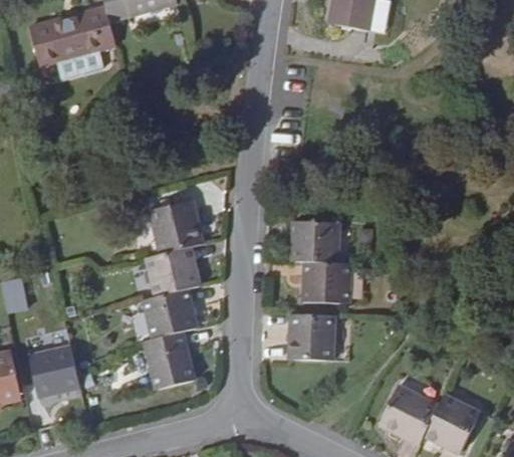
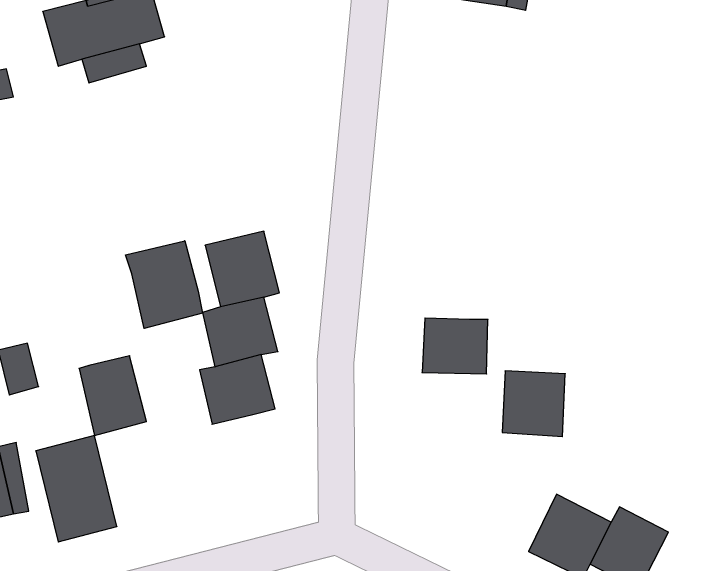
building: none -> [126,241,202,328]
building: [292,217,338,260] -> none
building: [289,311,334,359] -> [502,371,565,437]
building: [146,328,194,386] -> [79,356,146,436]

